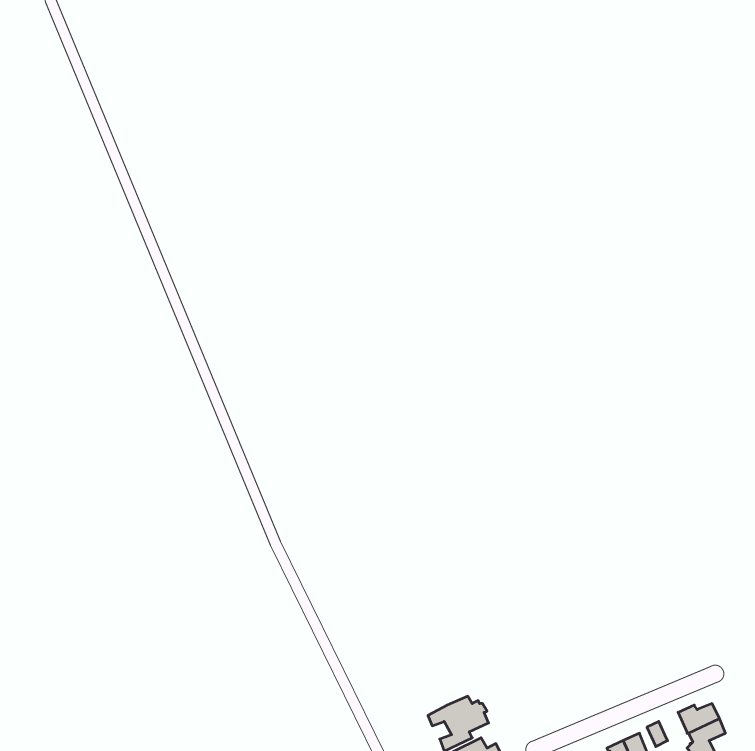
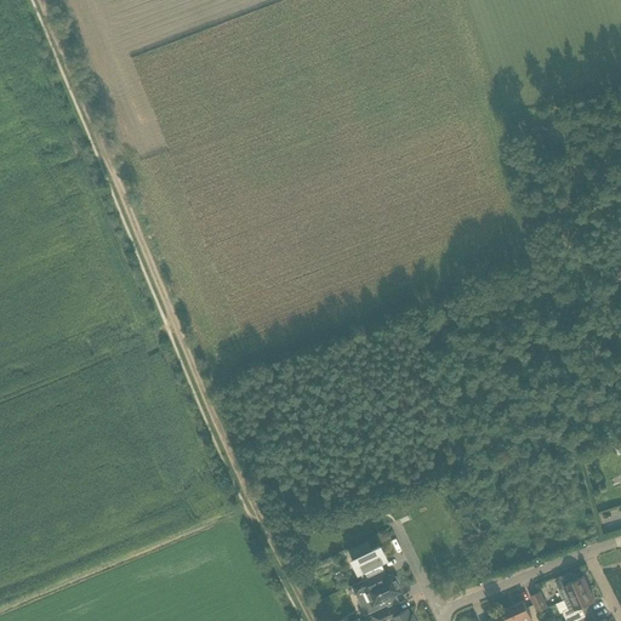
building: none -> [351,547,387,582]

